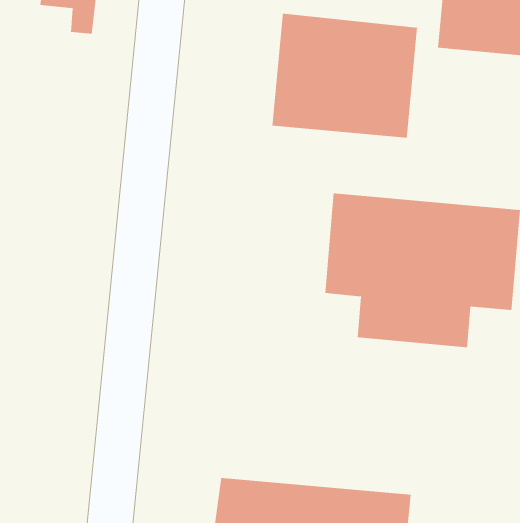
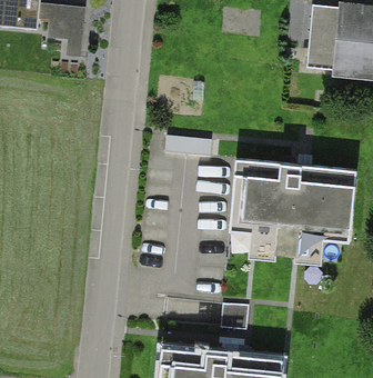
building: [272,13,417,138] -> none

